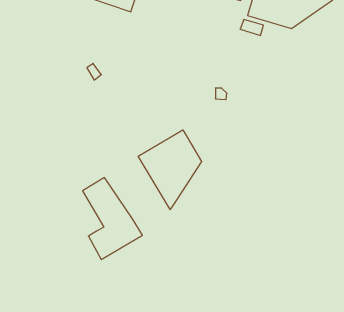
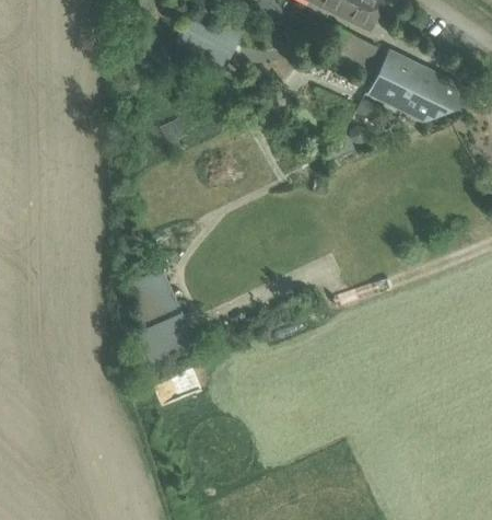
building: [138,130,202,210] -> none

